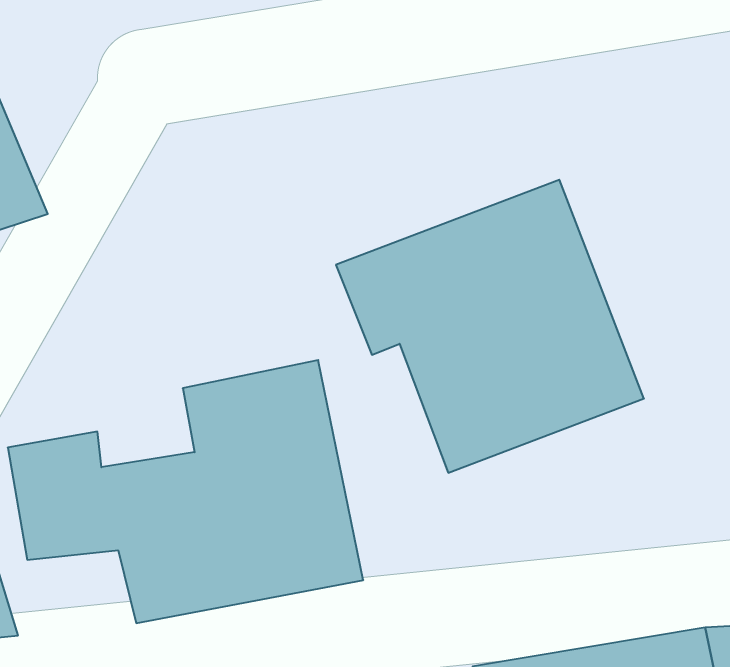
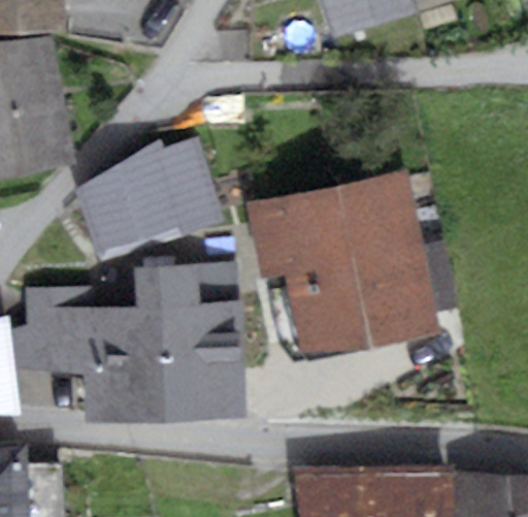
building: none -> [77,143,226,261]

